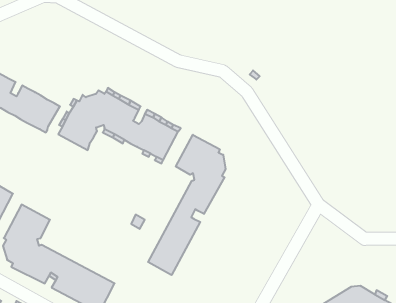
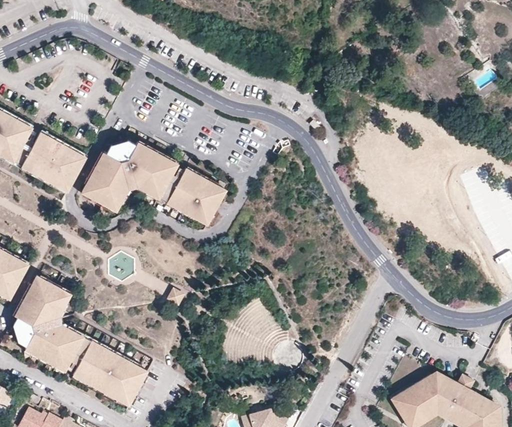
building: [148,135,225,275] -> none

